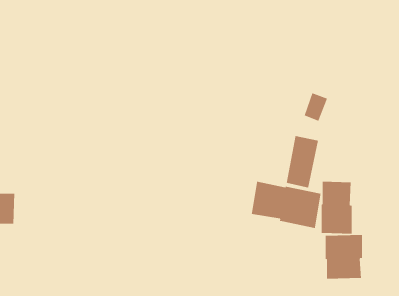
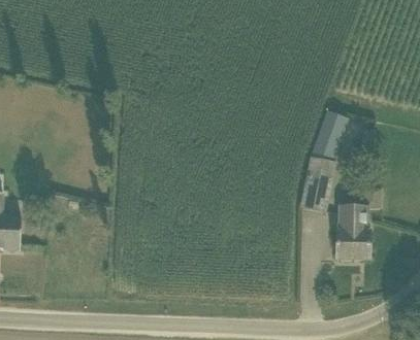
building: [251,181,321,229] -> none
building: [325,234,363,279] -> none

